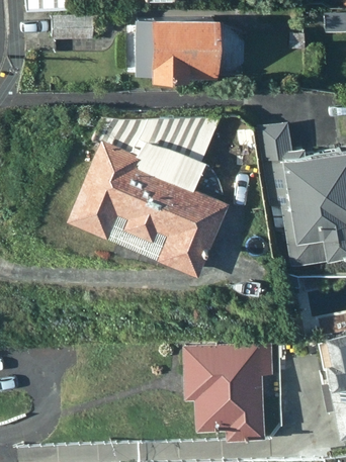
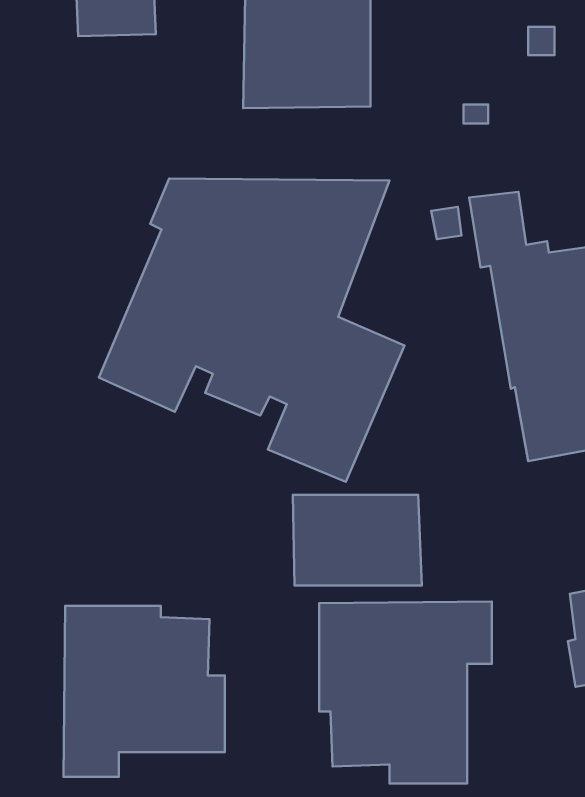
building: none -> [293,495,422,586]
building: none -> [63,606,225,777]

